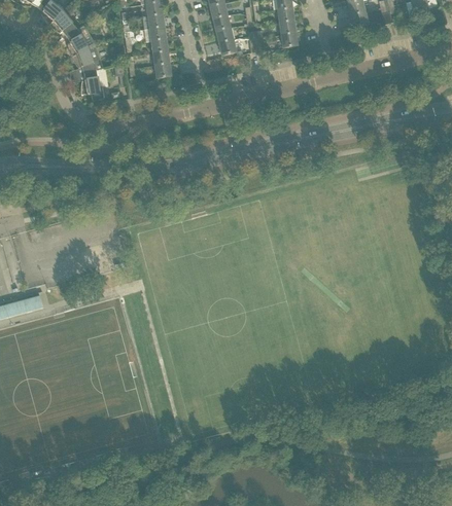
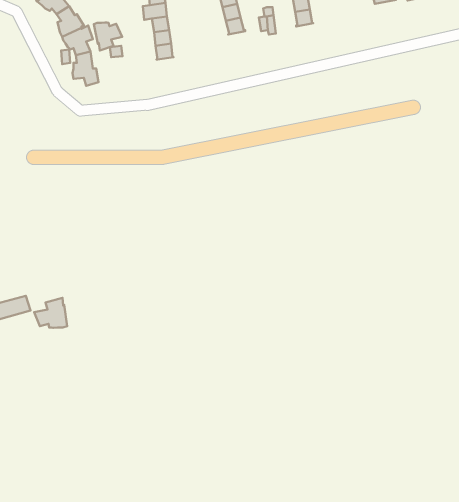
building: none -> [94,22,122,50]
building: none -> [34,298,67,328]

